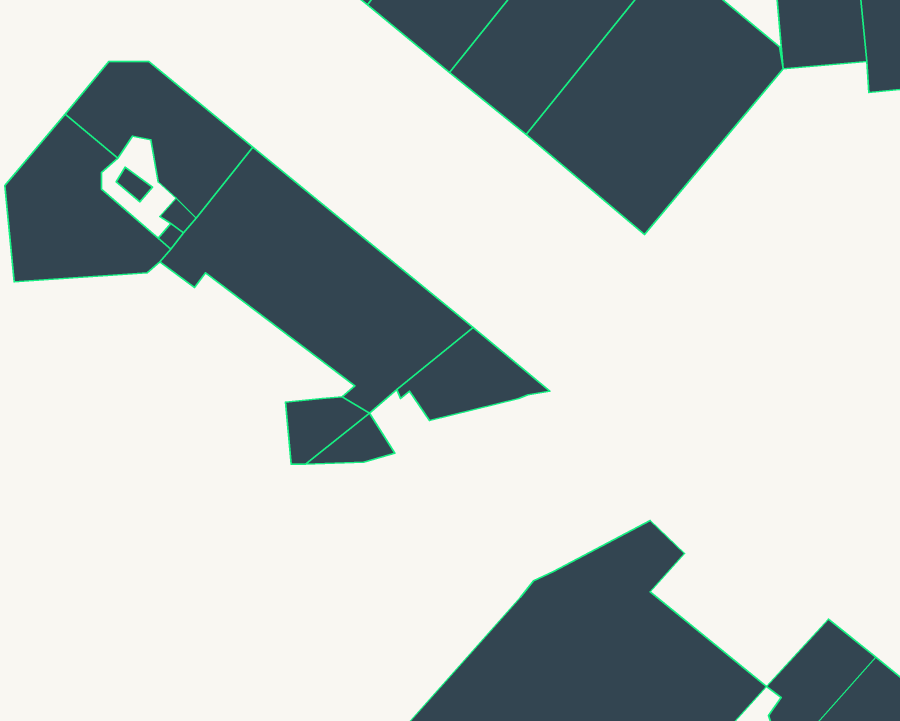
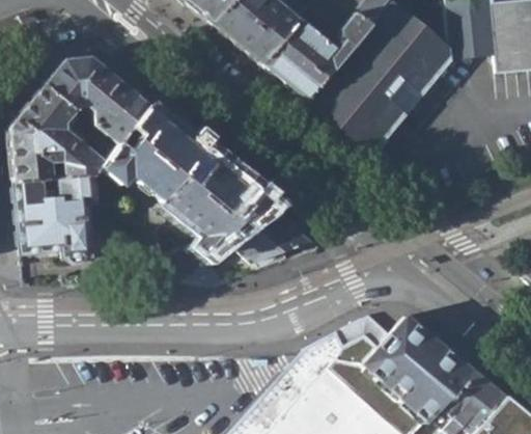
building: none -> [15,174,94,263]
building: none -> [376,318,478,410]

